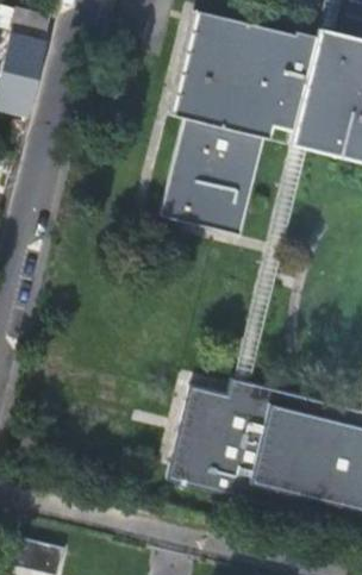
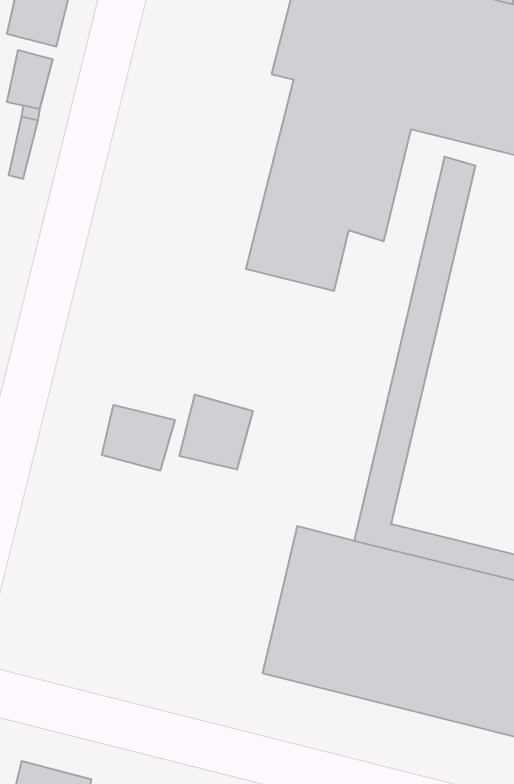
building: none -> [180,394,253,470]
building: none -> [102,405,175,471]

